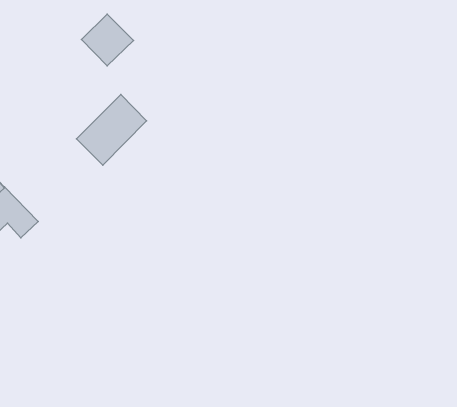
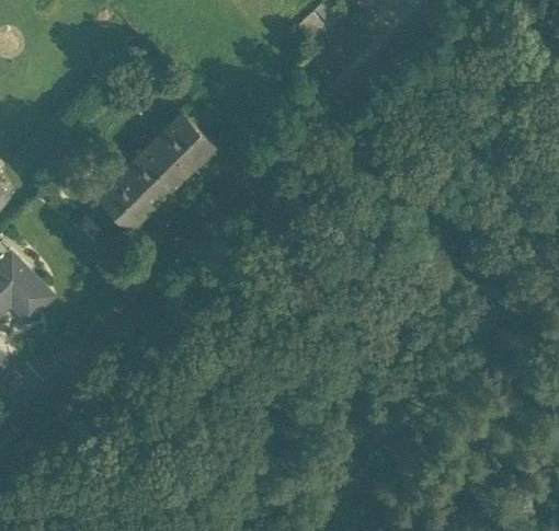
building: [82,14,133,66] -> [152,116,215,178]

